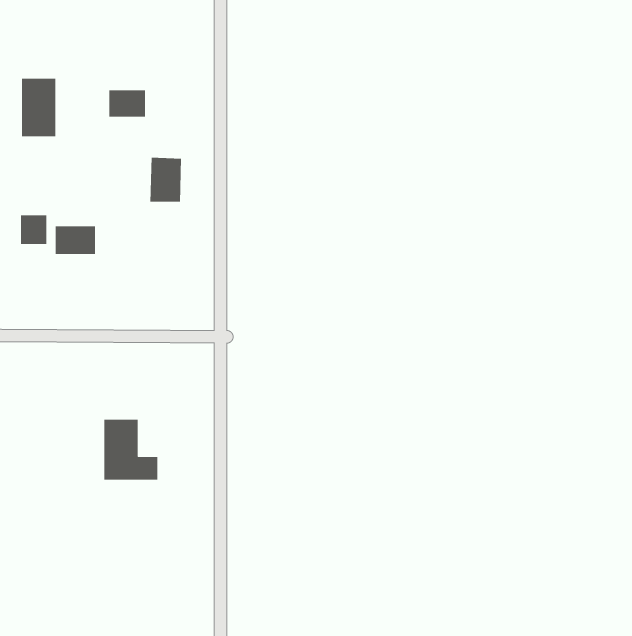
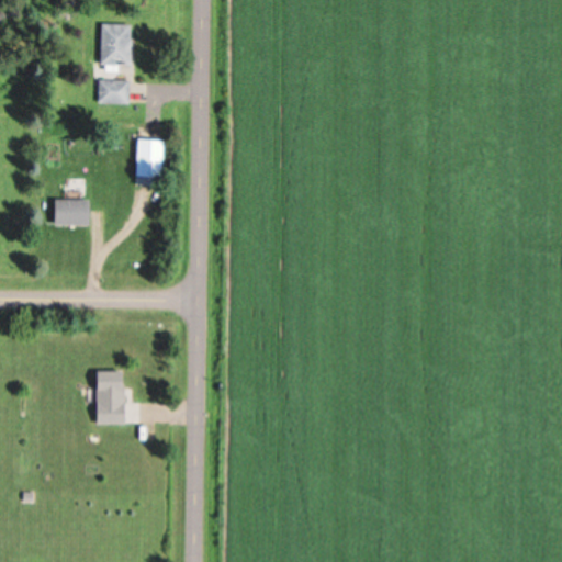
building: [21,78,56,137] -> [101,24,132,76]
building: [20,214,47,245] -> none

